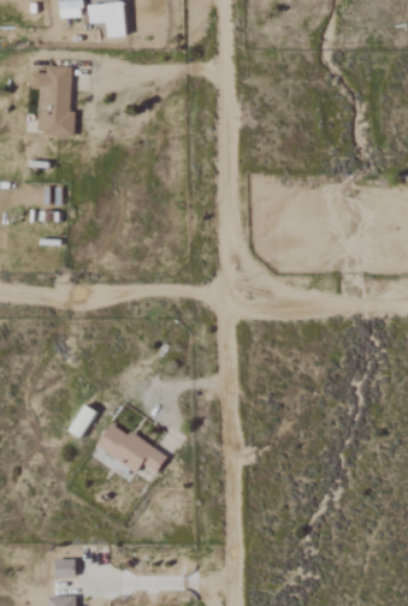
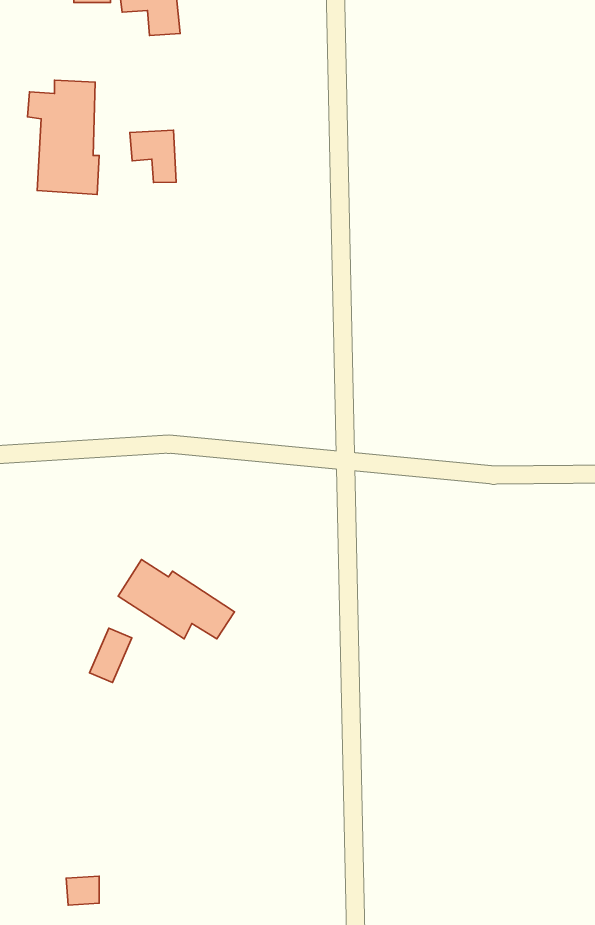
building: none -> [130,130,176,182]
building: [95,423,167,473] -> [118,559,234,639]

